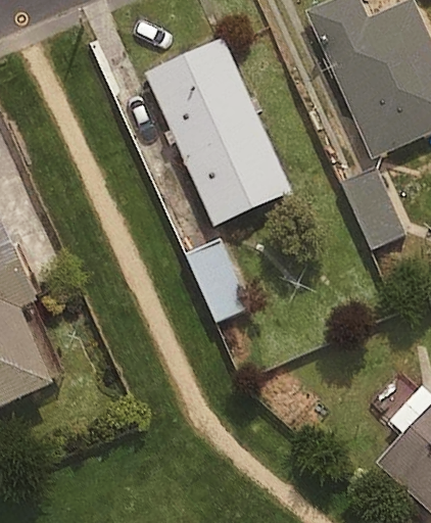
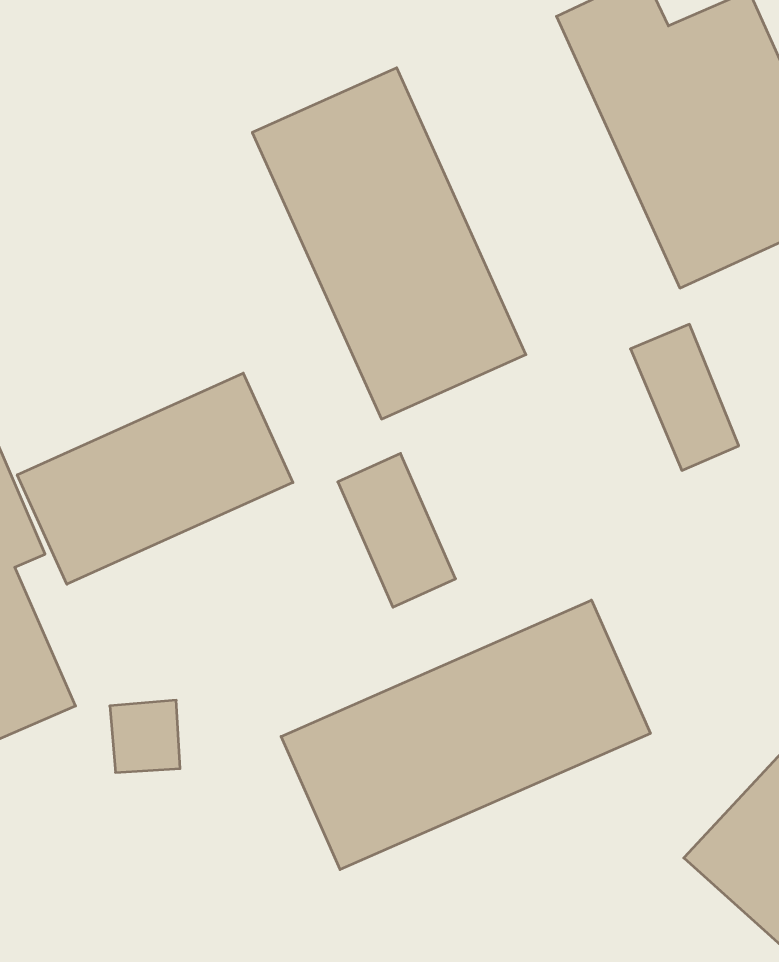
building: none -> [17,373,293,584]
building: none -> [281,600,650,870]

